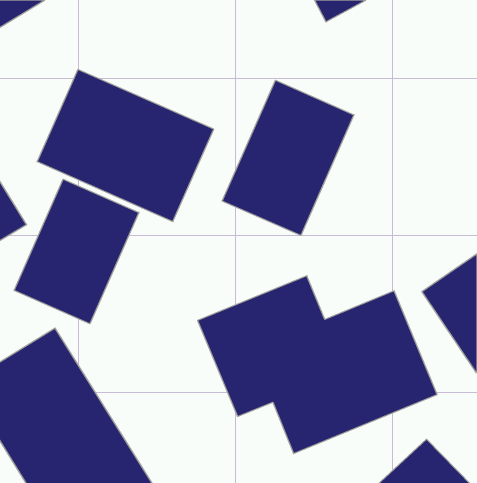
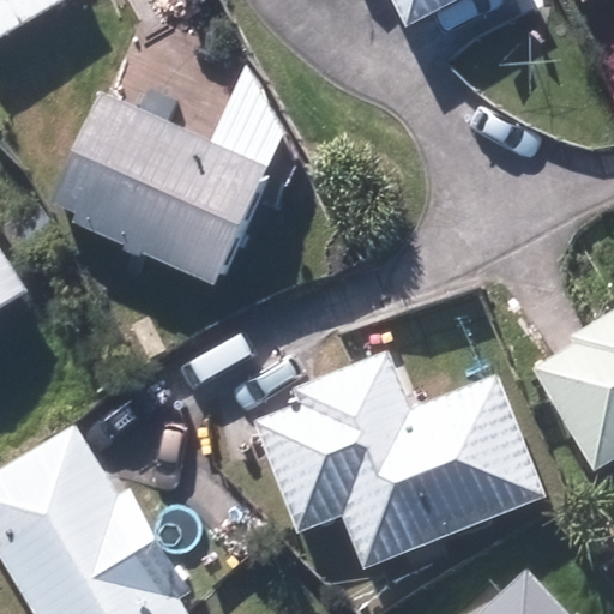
building: [222,80,354,235] -> none
building: [14,179,139,324] -> none

